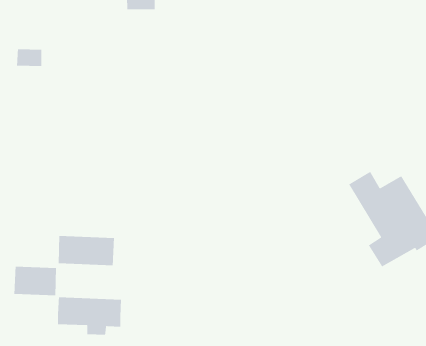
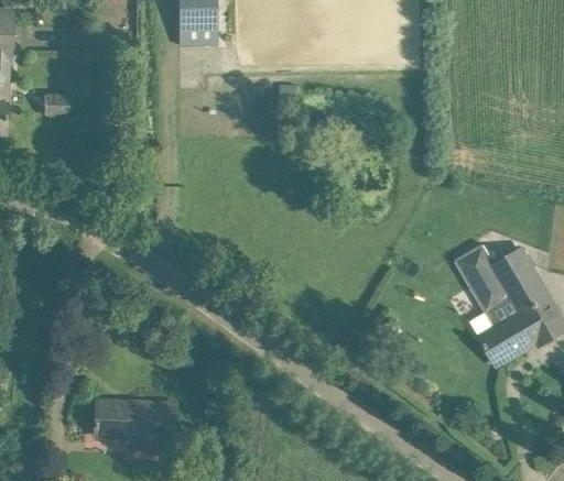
building: [58,235,115,266] -> none
building: [13,266,57,296] -> none

